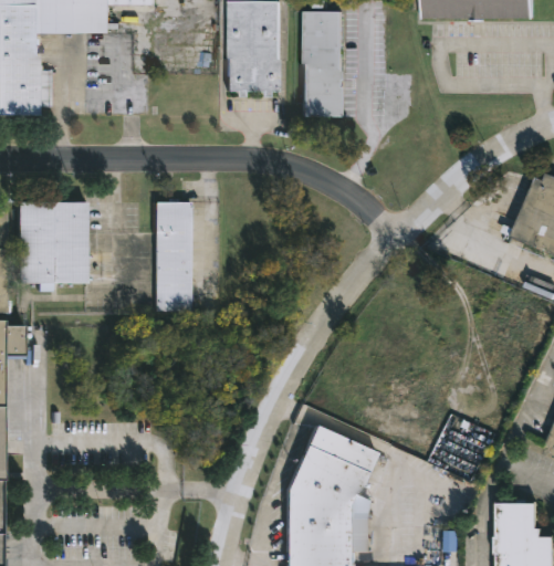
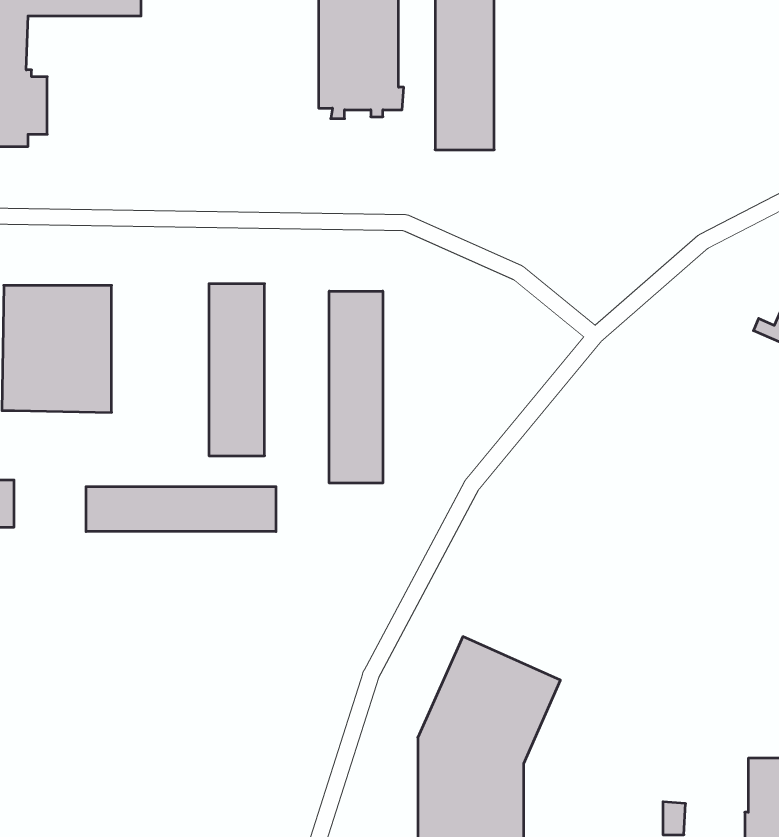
building: none -> [329,291,383,483]
building: none -> [86,487,276,532]

